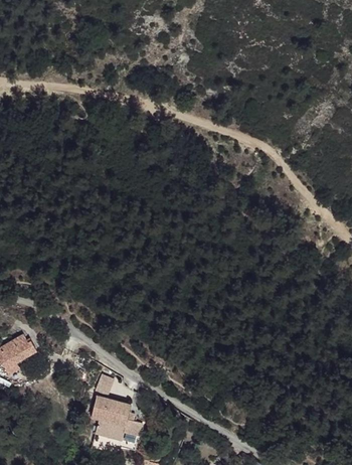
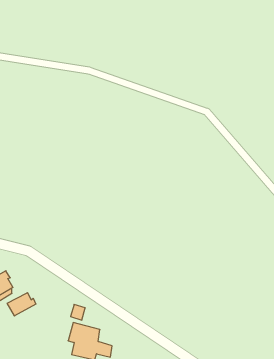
building: none -> [7,293,36,316]

